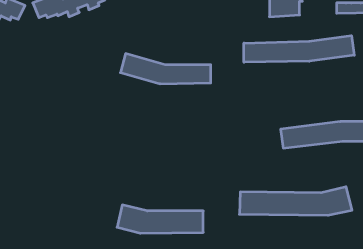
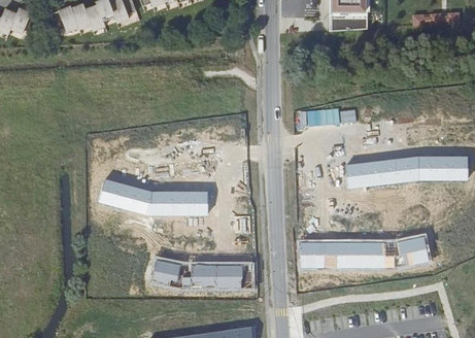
building: [244,36,354,62] -> none
building: [120,54,211,84] -> [98,178,206,214]

